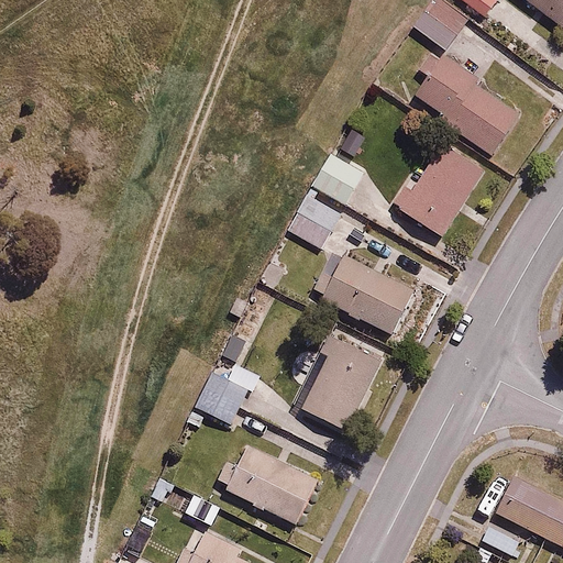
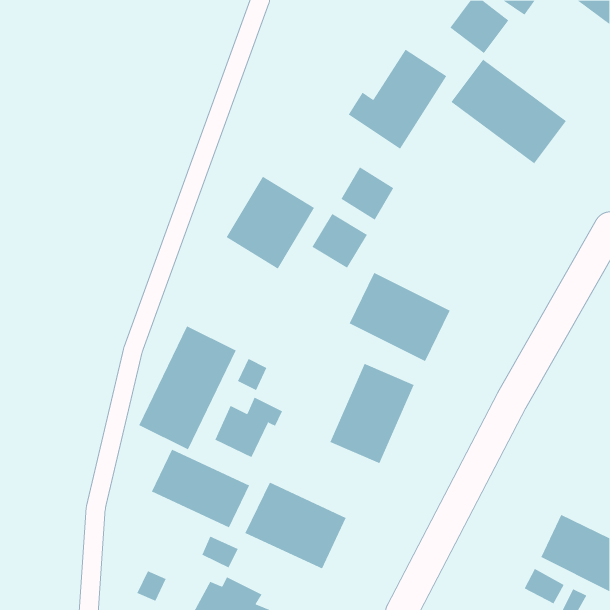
building: [393,144,484,236] -> [348,49,447,149]
building: none -> [226,176,315,269]
building: none -> [138,325,237,450]
building: none -> [151,449,250,528]

